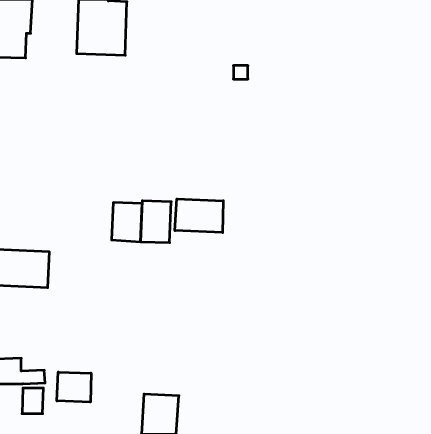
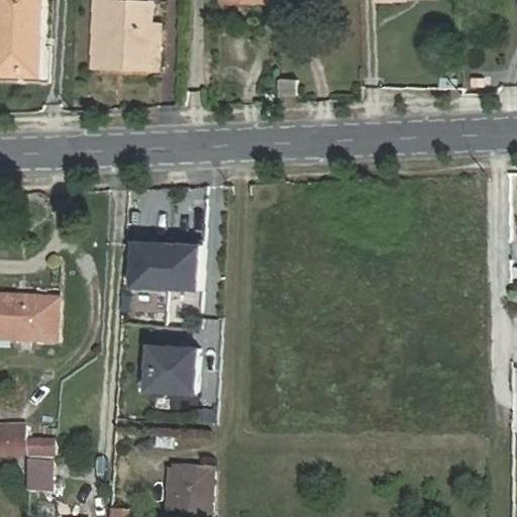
building: [175,199,223,233] -> none
building: none -> [146,345,198,392]
building: [57,372,91,402] -> none

